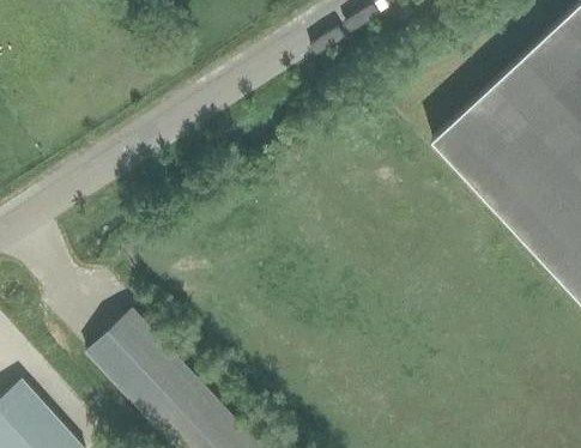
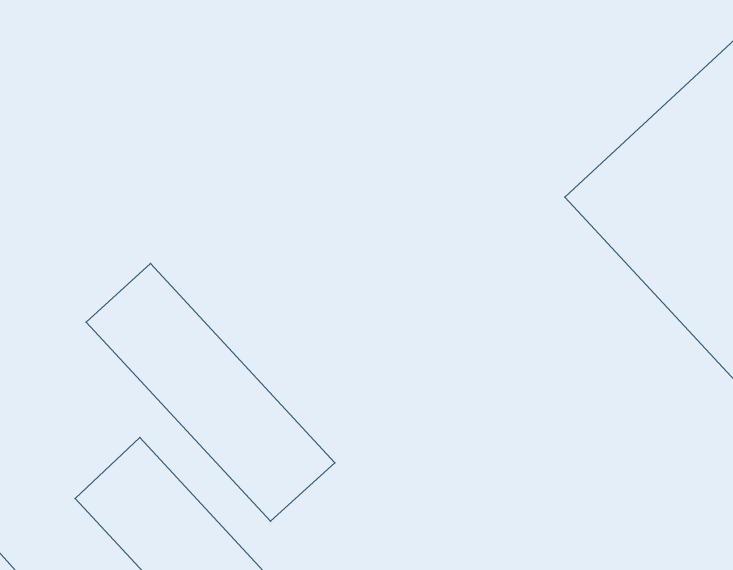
building: none -> [86,264,335,521]

